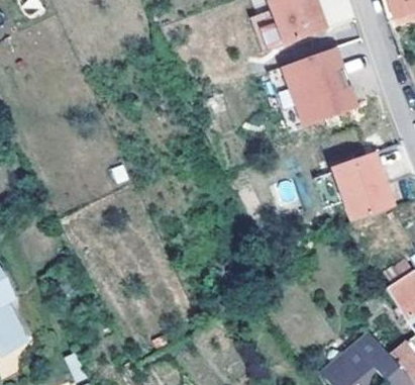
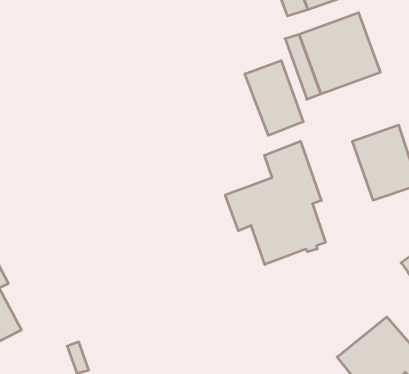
building: none -> [245,61,303,135]
building: none -> [225,141,325,265]

